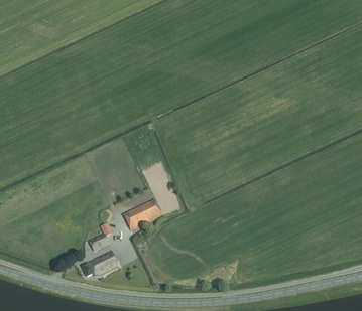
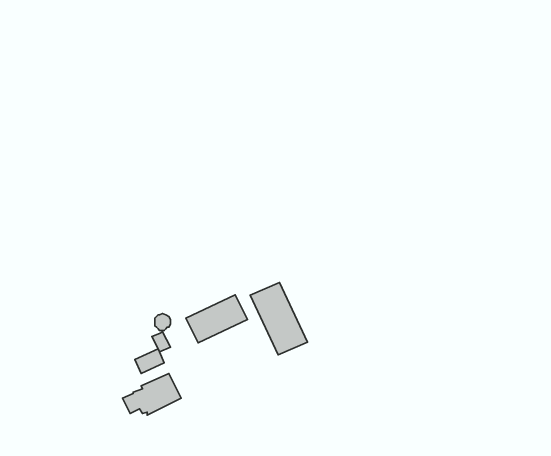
building: none -> [250,282,307,355]

